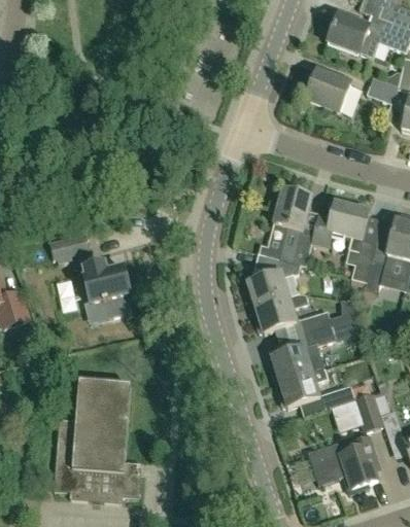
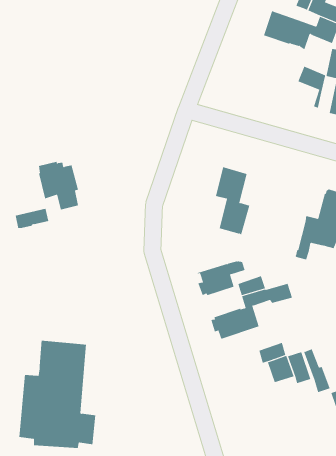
building: [306,69,349,110] -> none
building: [311,202,374,280] -> none
building: [247,252,301,306] -> none
building: [83,261,129,316] -> [38,161,79,210]
building: [278,365,328,406] -> none
building: [307,435,378,492] -> none

